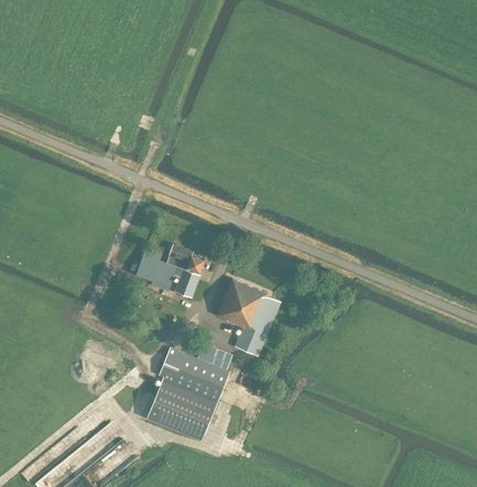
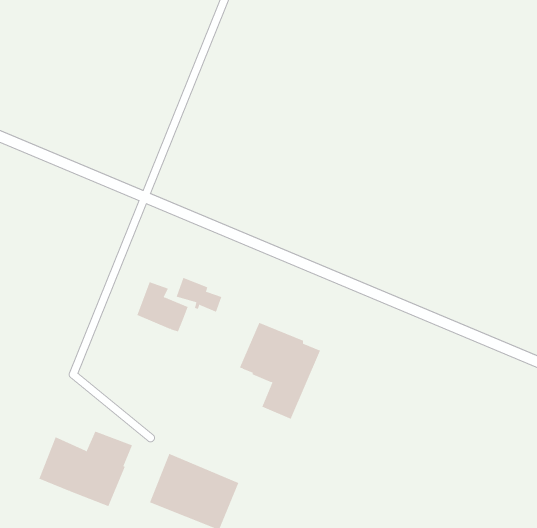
building: [173,267,198,297] -> none
building: [161,344,235,403] -> [38,431,133,507]

